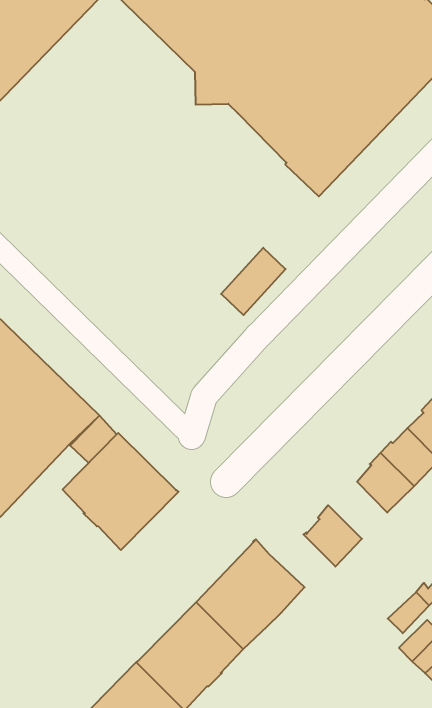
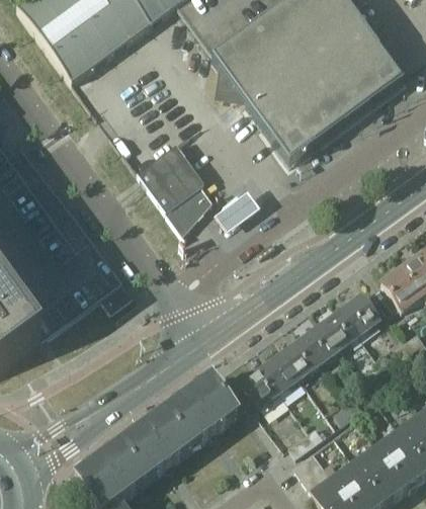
building: none -> [138,144,211,230]
building: [63,433,179,550] -> none
building: none -> [262,351,300,389]

